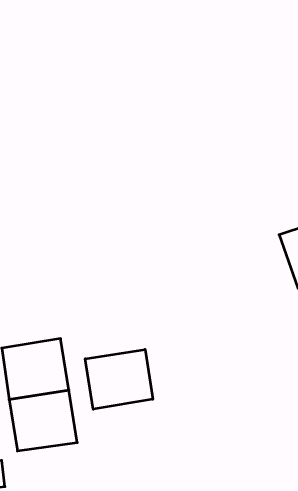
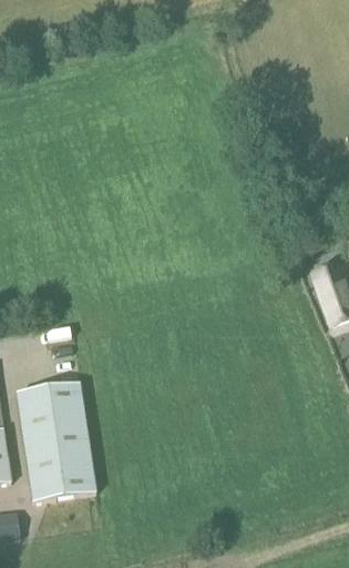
building: [85,349,153,409] -> none

